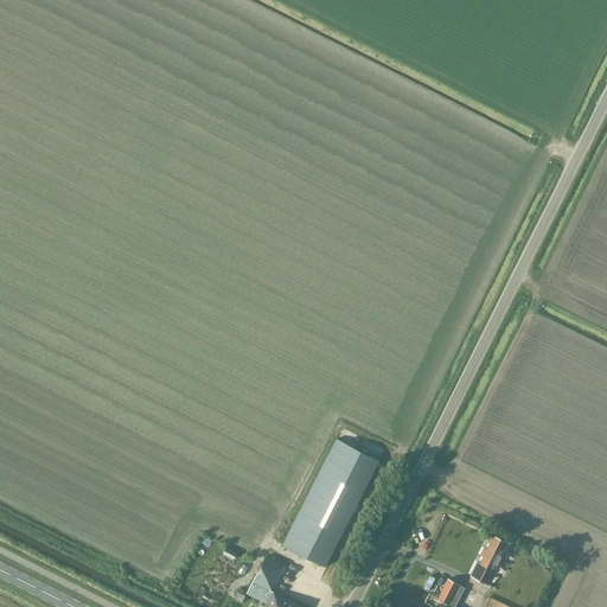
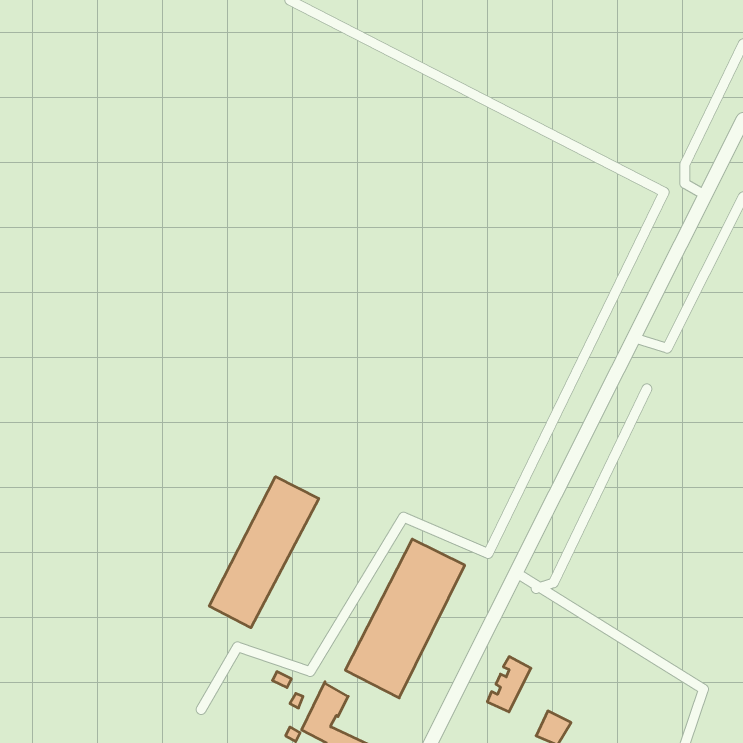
building: none -> [209,477,319,628]
building: [472,535,507,580] -> [487,657,531,712]

